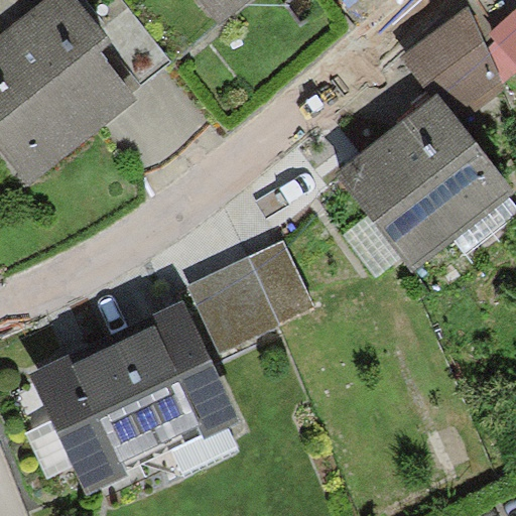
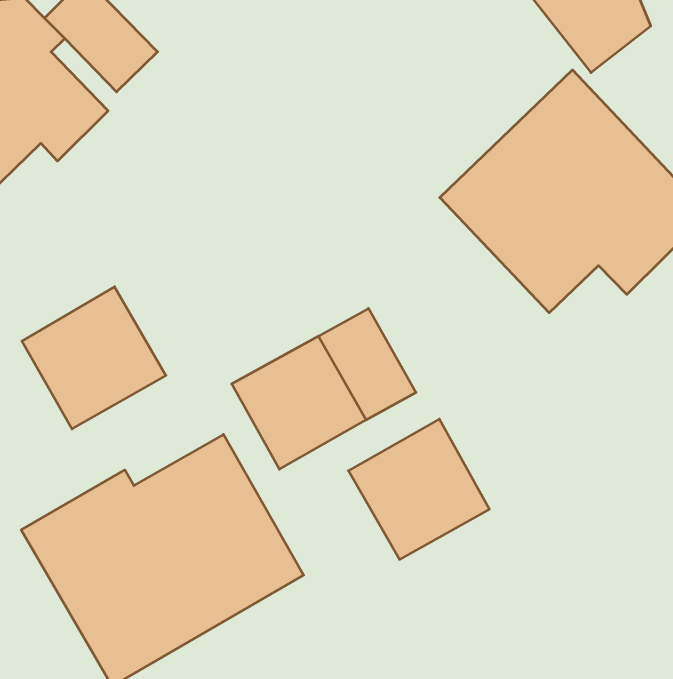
building: none -> [22,287,166,429]
building: none -> [348,419,489,559]

